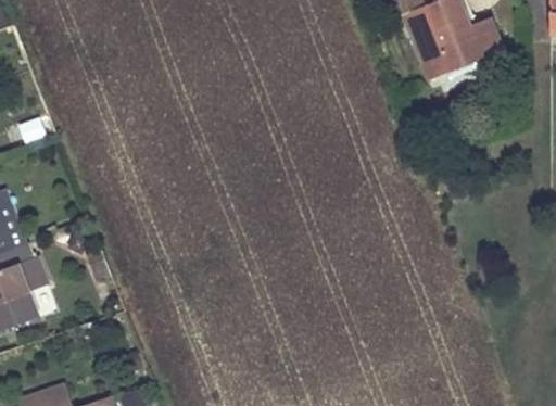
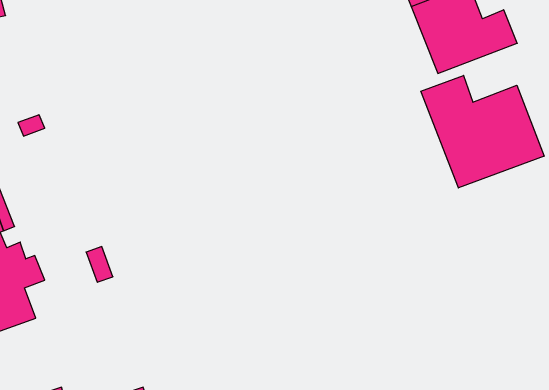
building: none -> [421,75,544,188]

